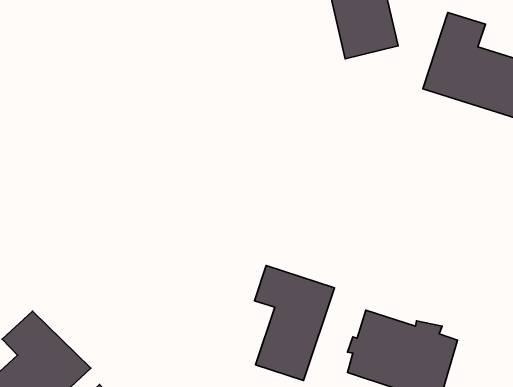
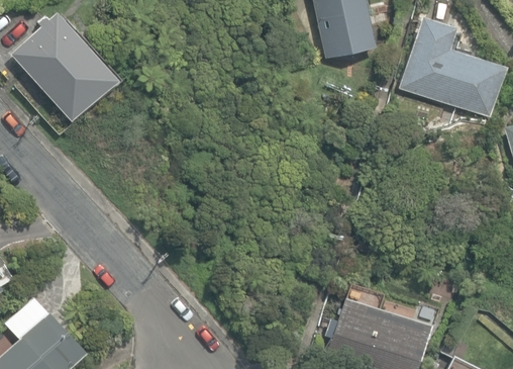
building: none -> [13,12,119,123]
building: [255,266,335,381] -> none

